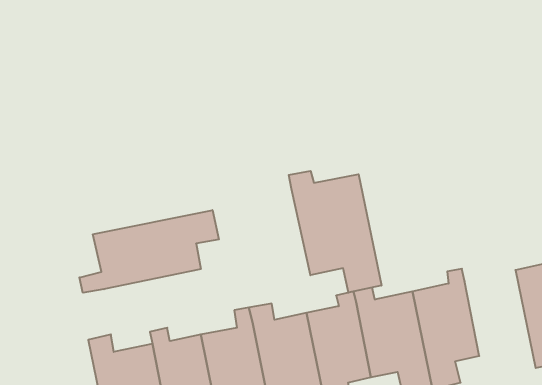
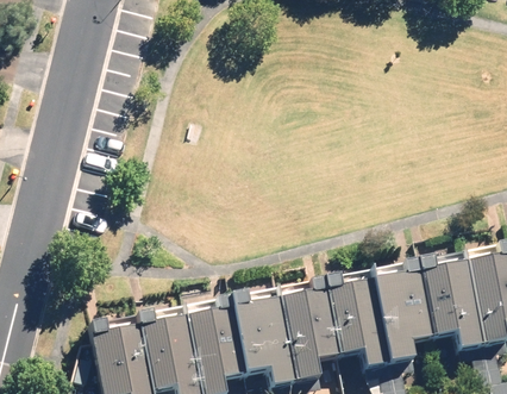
building: [289,171,381,293] -> none
building: [79,210,219,293] -> none
building: none -> [420,255,486,355]

